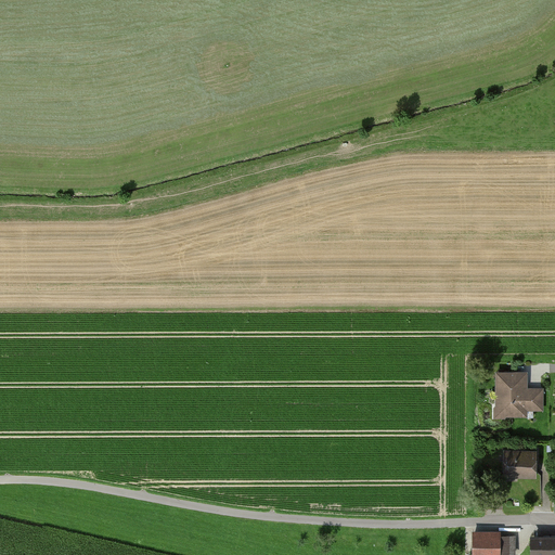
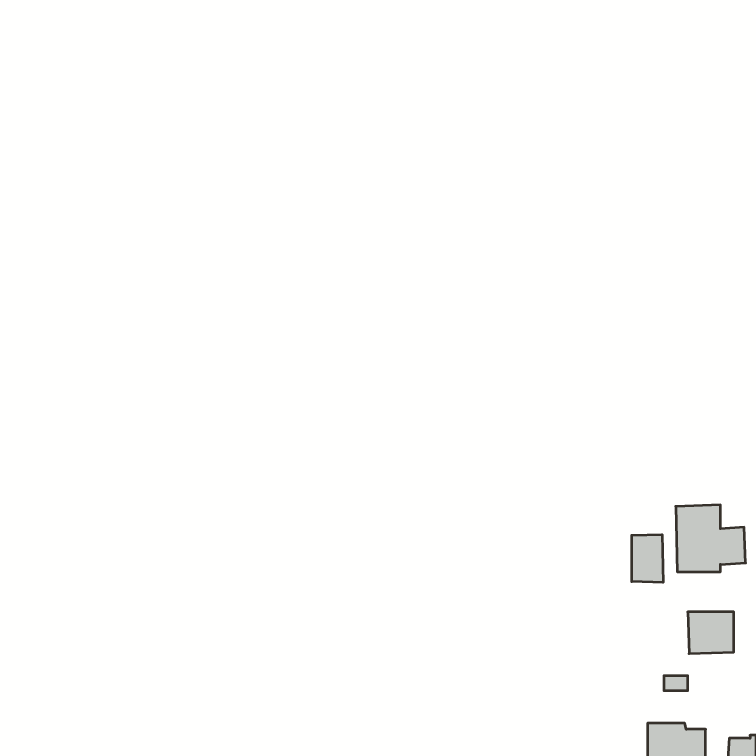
building: none -> [632,535,663,582]

